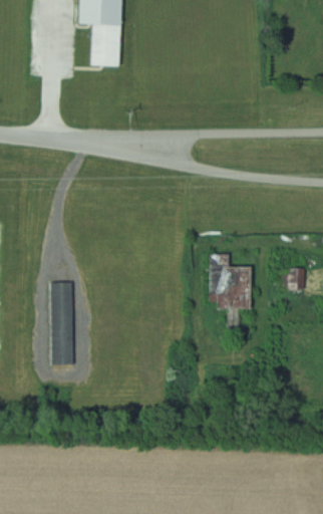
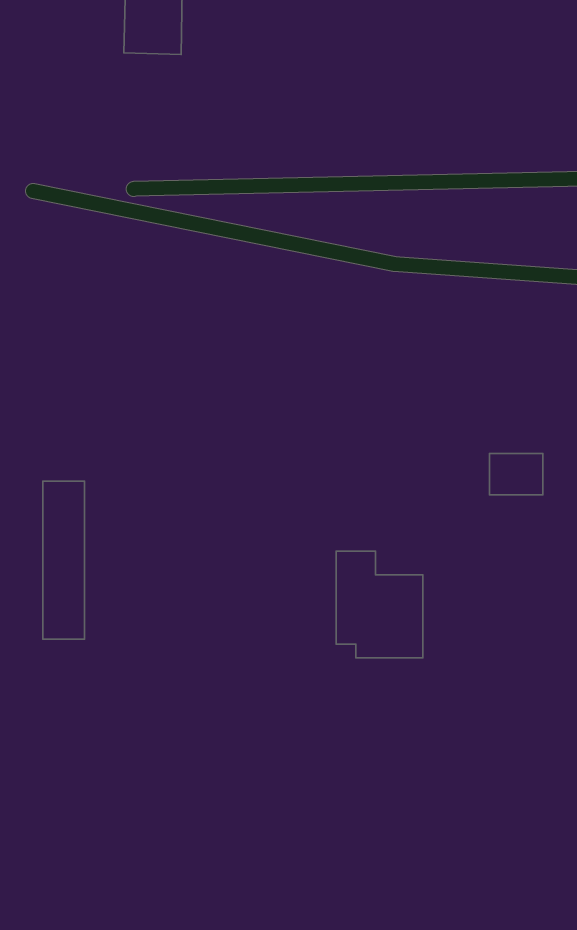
building: [208,255,252,309] -> [336,551,423,658]

